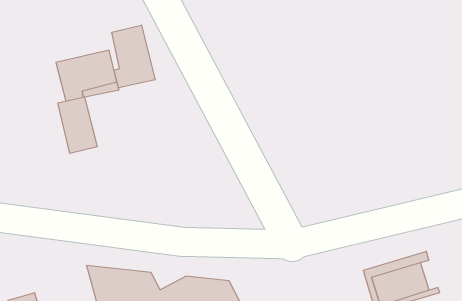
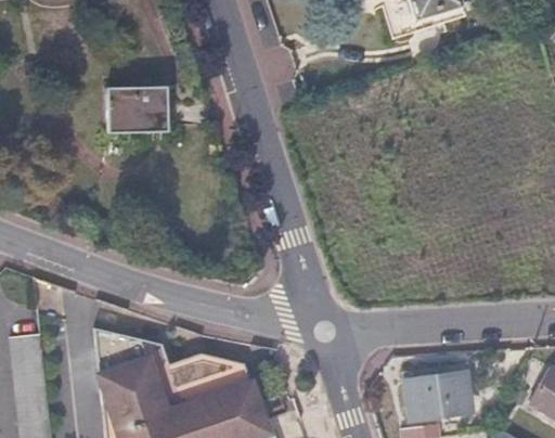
building: [112,25,155,88] -> none
building: [58,97,97,153] -> none

